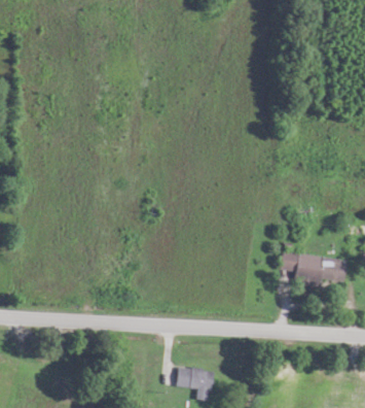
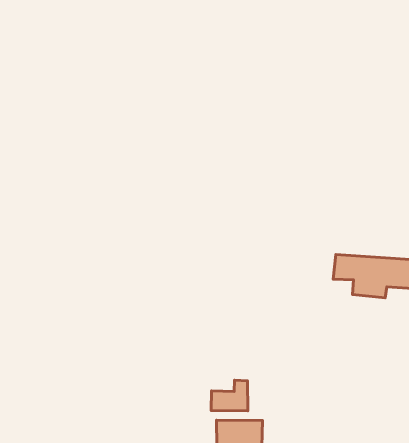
building: none -> [211,380,248,411]

